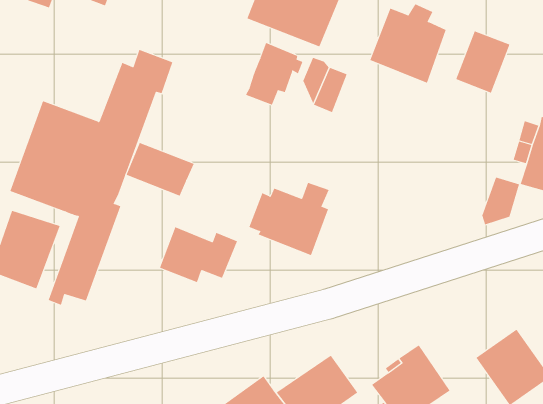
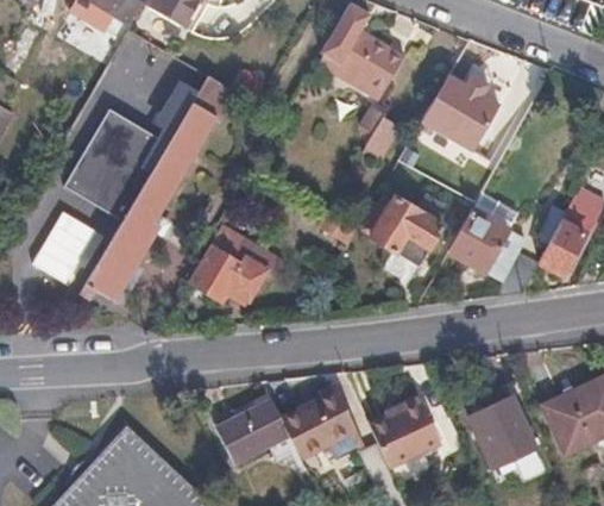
building: [455,31,510,93] -> none
building: [245,42,303,106] -> none
building: none -> [447,208,508,274]
building: [126,142,194,196] -> none
building: [248,182,329,256] -> [364,196,445,266]

